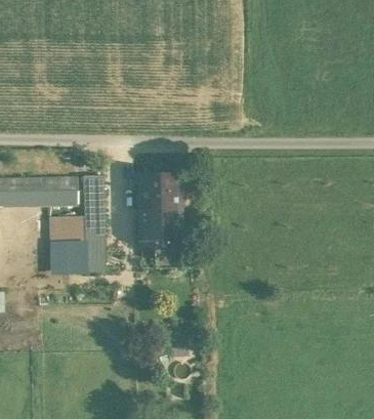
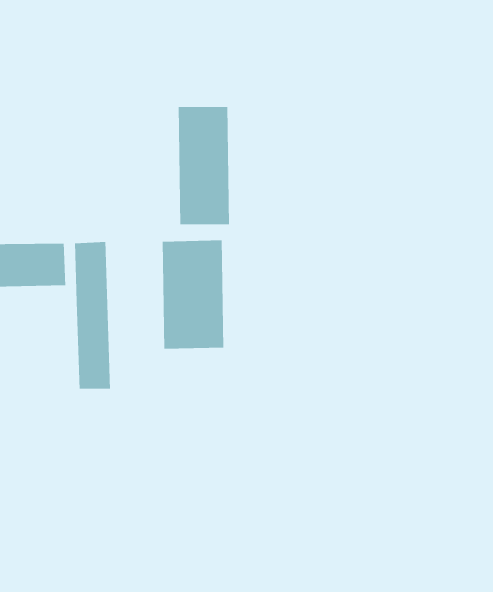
building: none -> [178,106,230,225]
building: [49,215,87,273] -> none

